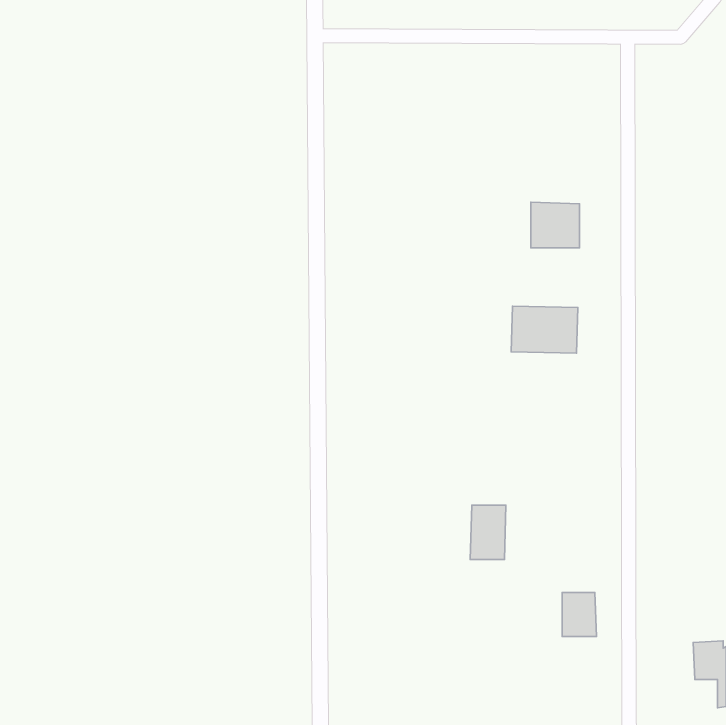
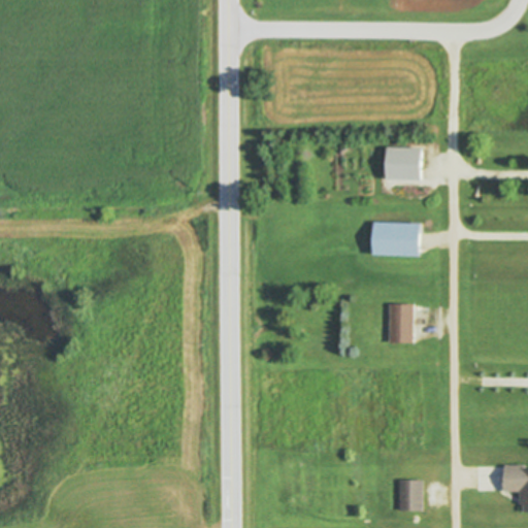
building: [470,505,506,559] -> [388,304,414,343]
building: [562,592,596,637] -> [398,480,423,512]

